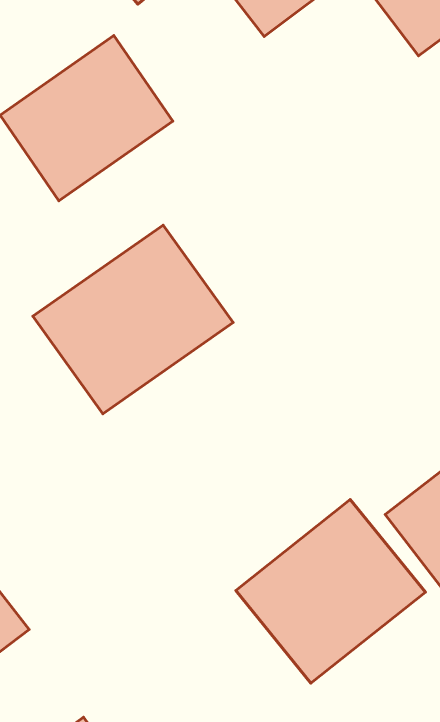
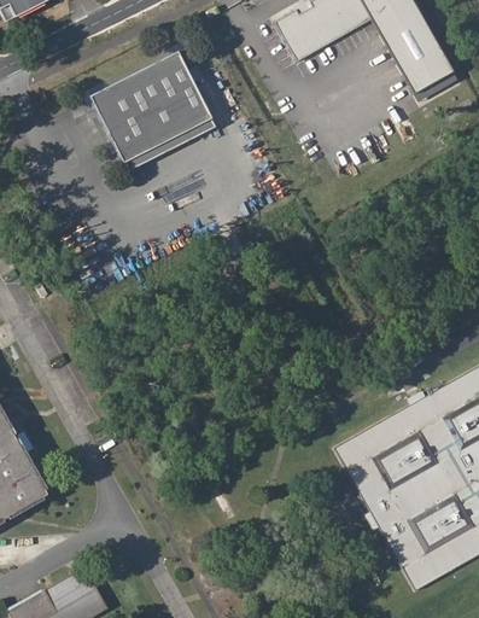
building: [33,225,233,414] -> none
building: [236,500,425,683] -> none

